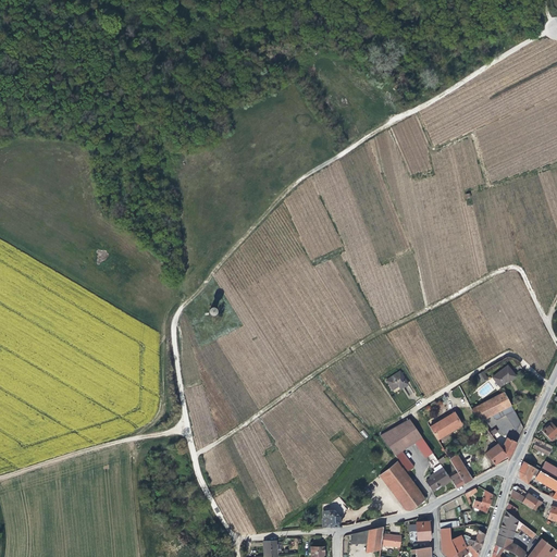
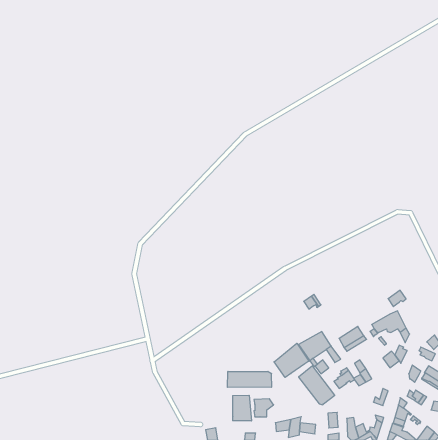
building: none -> [274,343,309,377]
building: none -> [227,371,271,387]
building: none -> [233,395,251,421]

